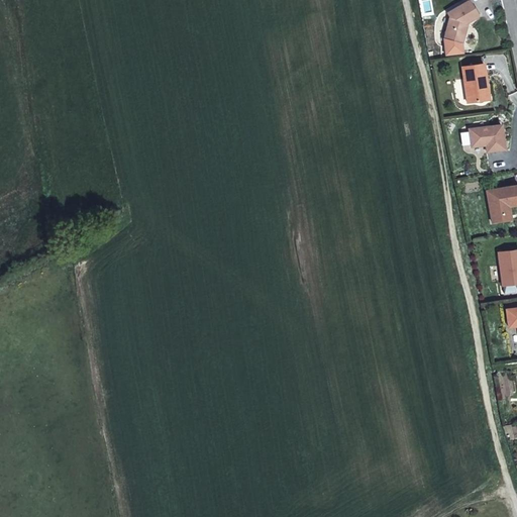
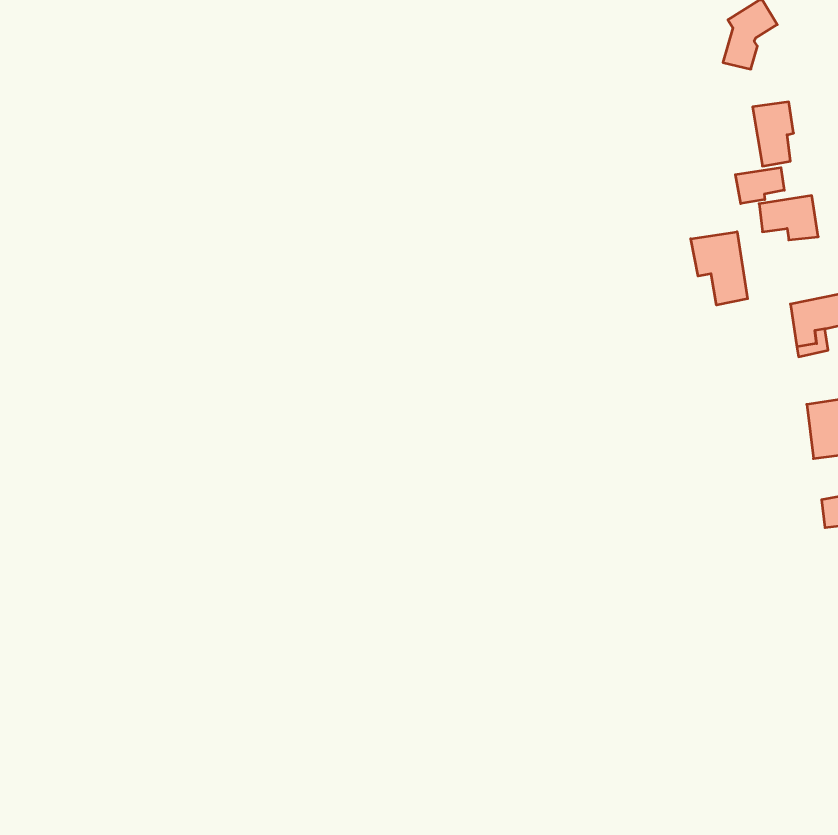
building: none -> [735,168,784,204]
building: none -> [691,232,748,305]

